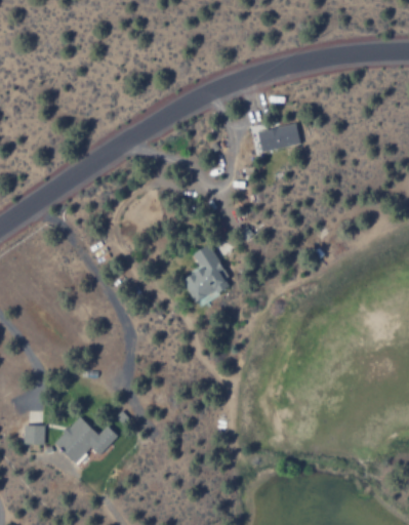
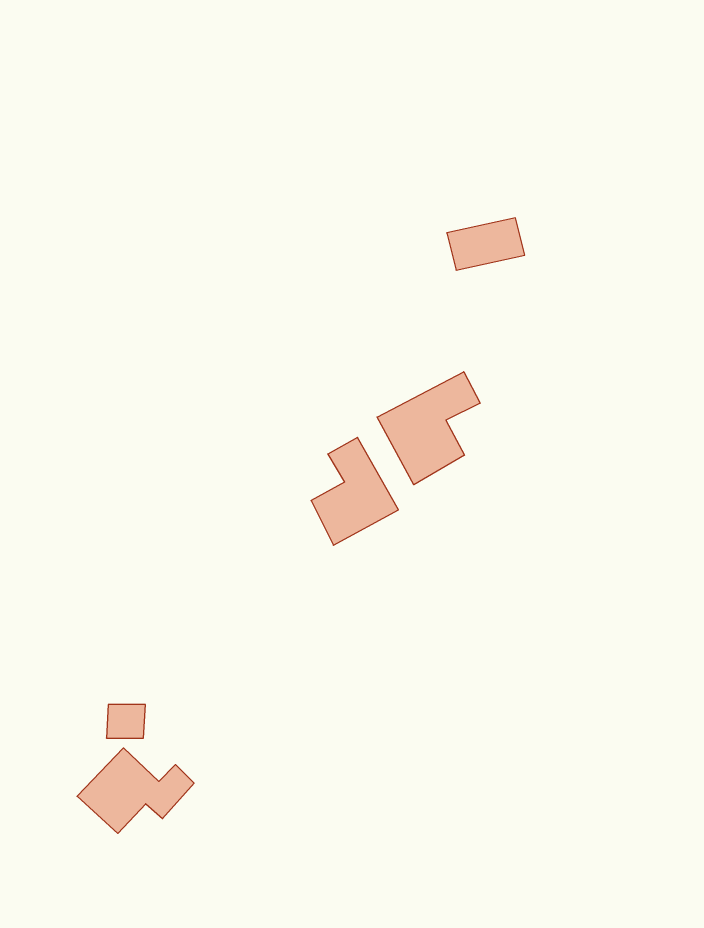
building: none -> [377,372,480,485]
building: [24,426,45,444] -> [106,705,145,738]

